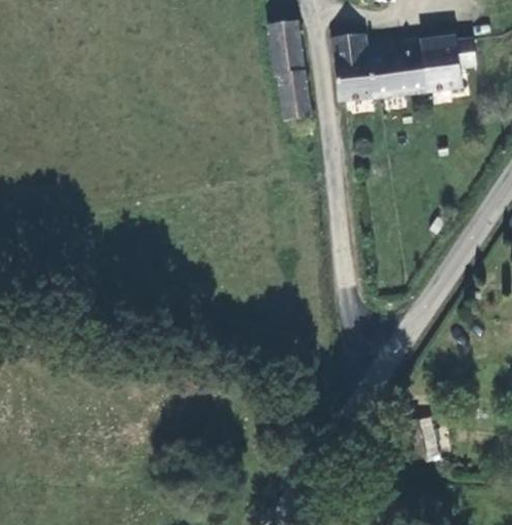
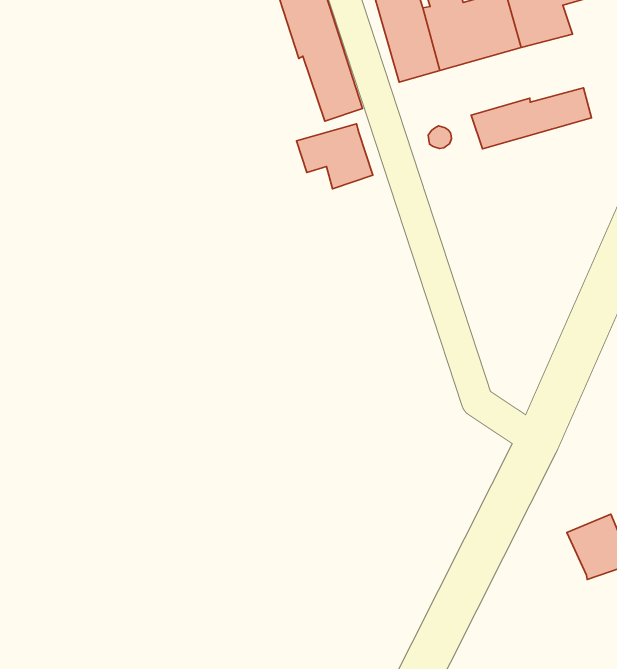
building: none -> [297,124,373,189]
building: none -> [471,88,592,149]

